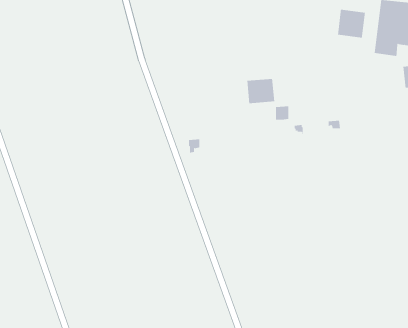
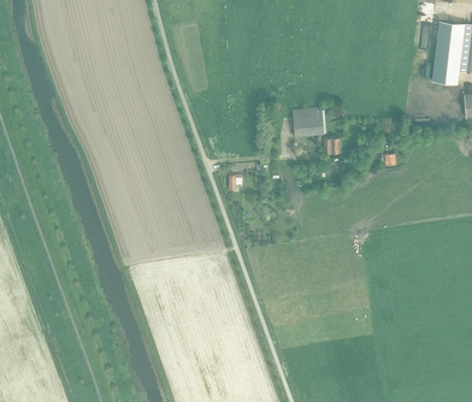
building: [337,9,365,38] -> none

